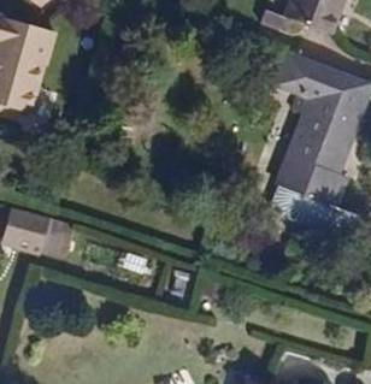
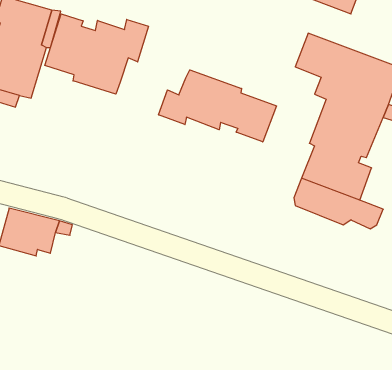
building: none -> [45,14,149,94]
building: none -> [159,70,277,142]

